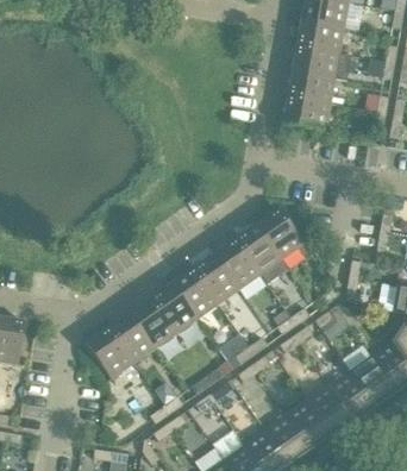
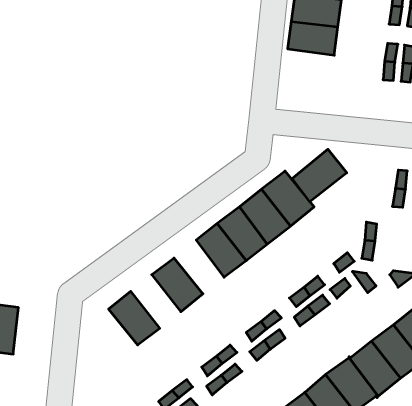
building: [283,95,331,130] -> none
building: none -> [292,149,347,202]
building: [173,268,218,318] -> none
building: [131,297,176,347] -> none
building: [87,327,134,378] -> none

